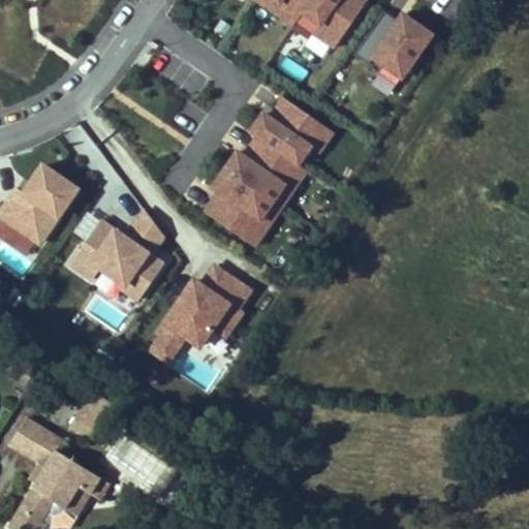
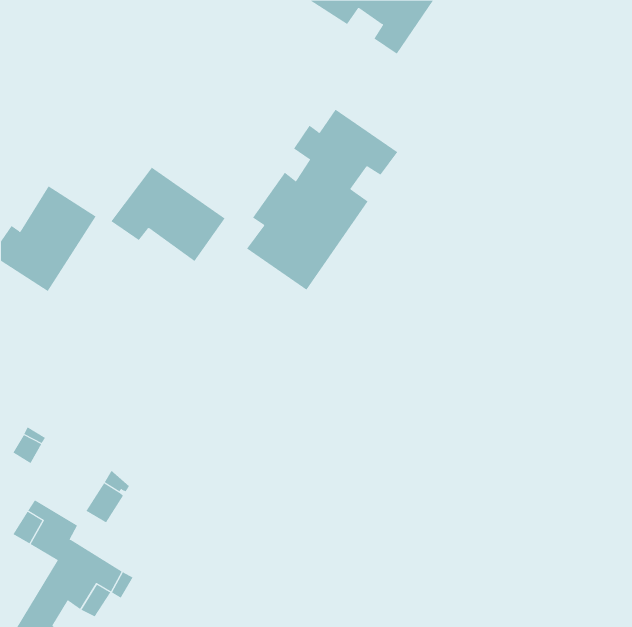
building: [368,9,433,79] -> none
building: [68,220,164,300] -> [111,167,226,262]
building: [148,262,251,366] -> none

